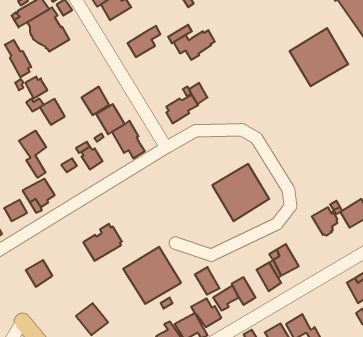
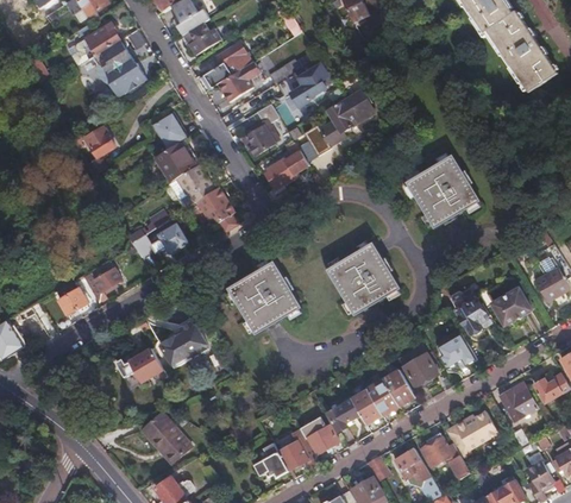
building: none -> [196,44,252,93]
building: [289,28,348,86] -> [406,152,482,227]
building: [5,40,31,77] -> none
building: none -> [319,93,375,147]
building: none -> [244,105,280,155]
building: [40,99,65,125] -> [153,114,186,147]
building: [19,131,46,178] -> none
building: none -> [435,332,477,369]
building: [123,247,181,304] -> [227,260,302,334]
building: [26,260,52,287] -> [128,346,163,381]
building: [195,267,220,295] -> [366,378,399,414]
building: none -> [445,409,497,455]

